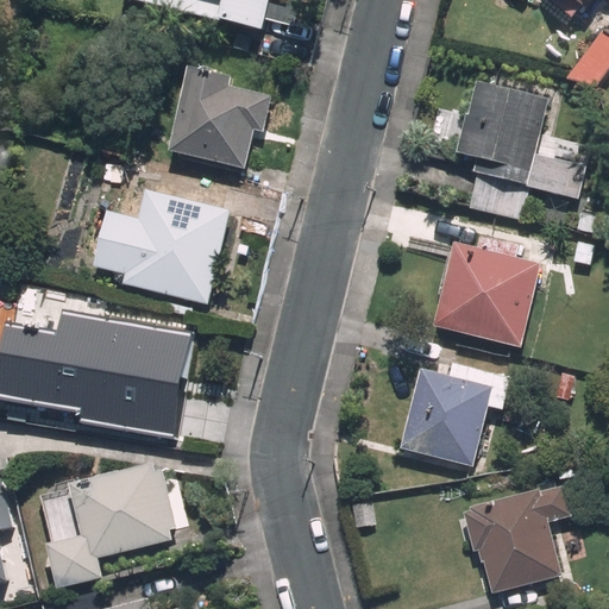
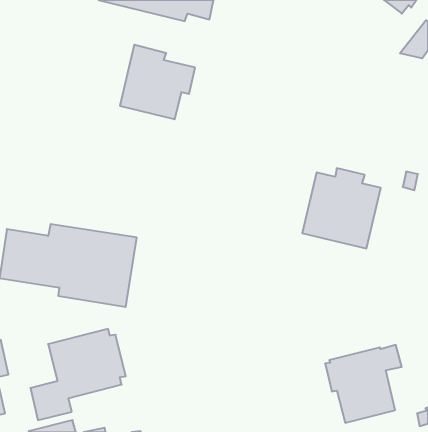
building: [448,80,583,219] -> none
building: [100,187,233,303] -> none
building: [394,363,506,467] -> none

